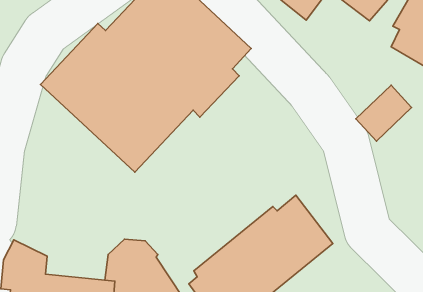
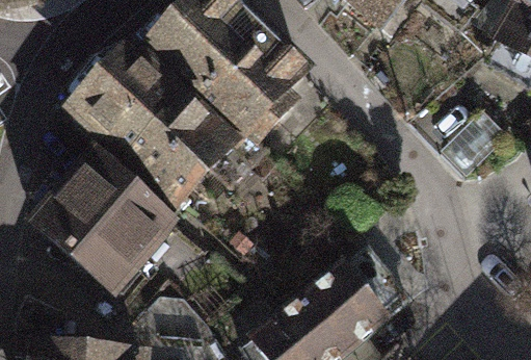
building: none -> [23,140,180,295]

